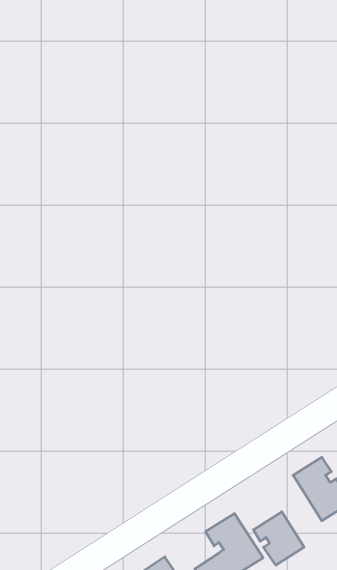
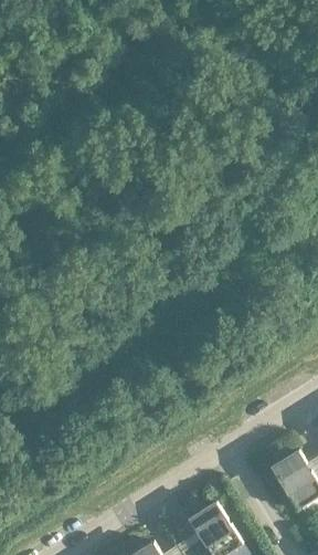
building: [253,512,304,565] -> none

